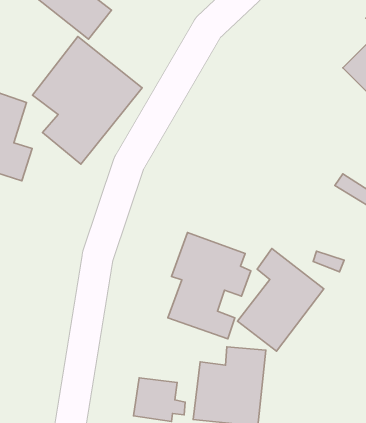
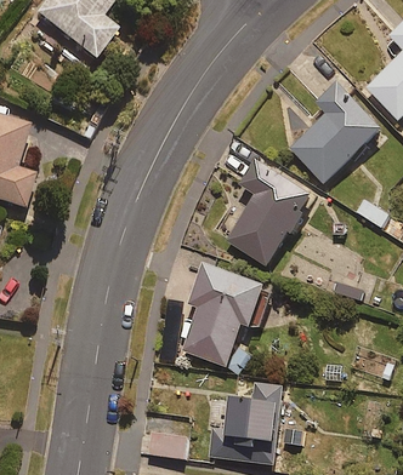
building: [32,37,142,164] -> none
building: none -> [290,82,380,183]
building: [237,249,324,351] -> [221,159,312,267]

